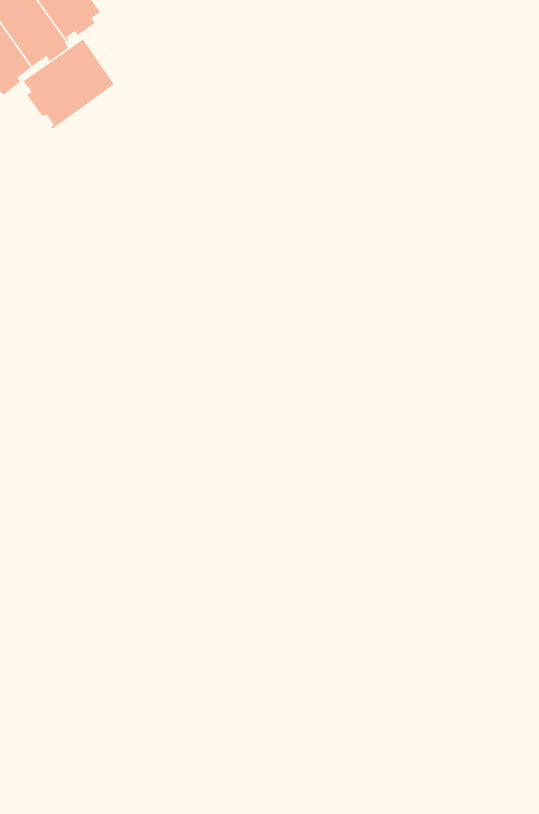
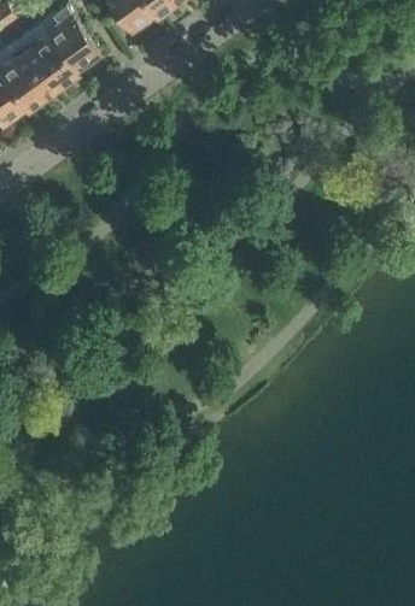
building: [23,38,115,130] -> none

